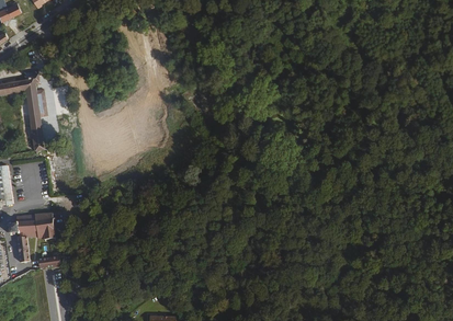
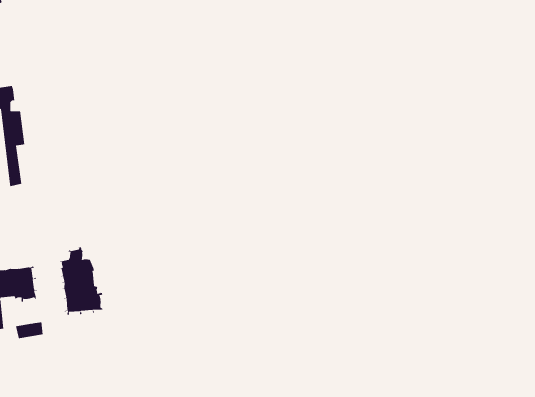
building: none -> [59,246,103,316]

